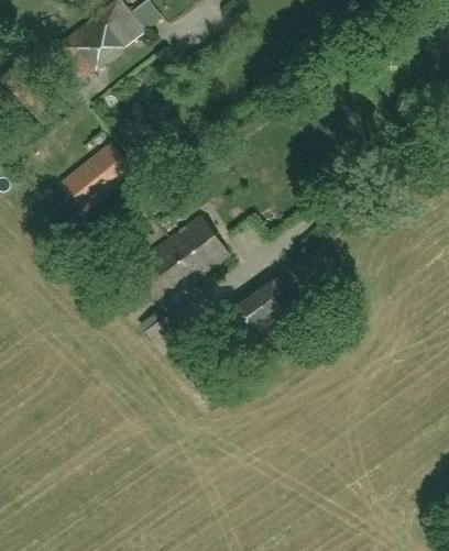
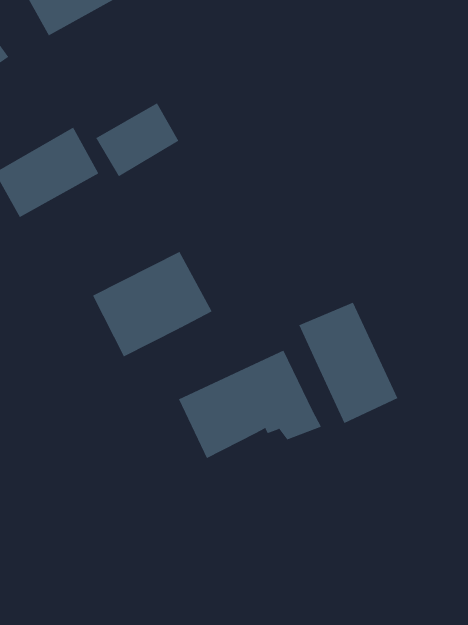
building: none -> [96,103,179,177]
building: none -> [298,302,398,424]

